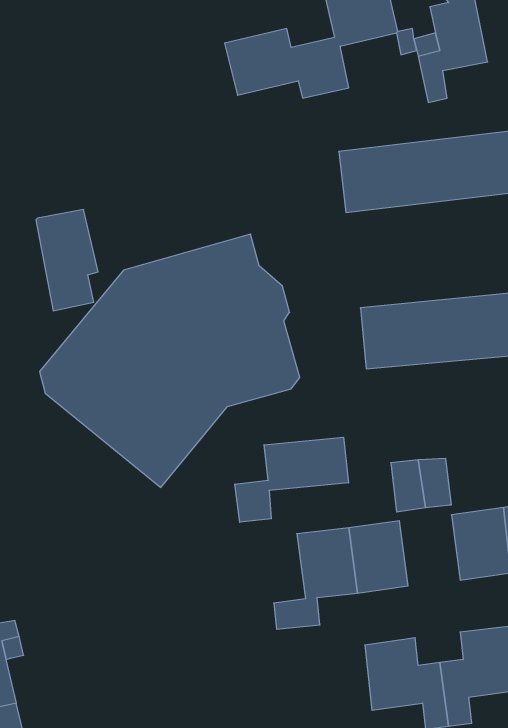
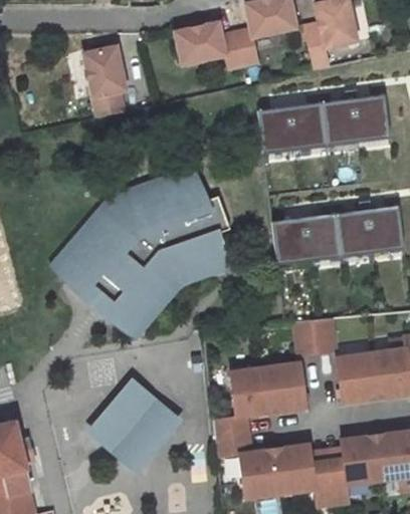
building: [36,210,98,311] -> [88,49,132,119]
building: [235,437,348,522] -> none
building: none -> [82,374,180,473]
building: none -> [214,437,280,501]

